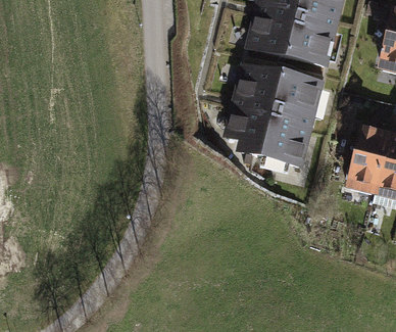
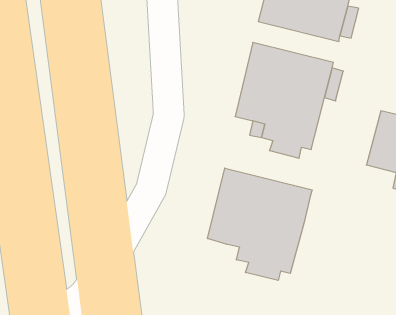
building: none -> [208,168,312,280]

